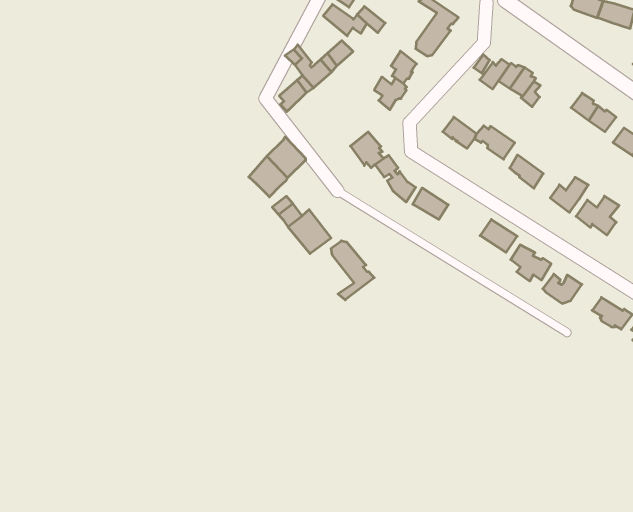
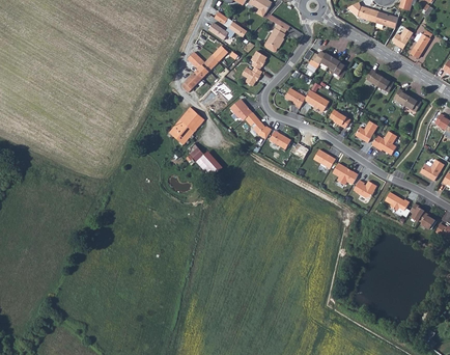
building: [331,241,374,300] -> none

